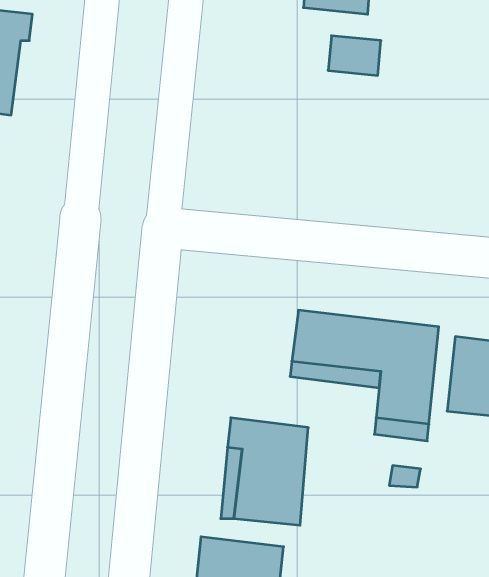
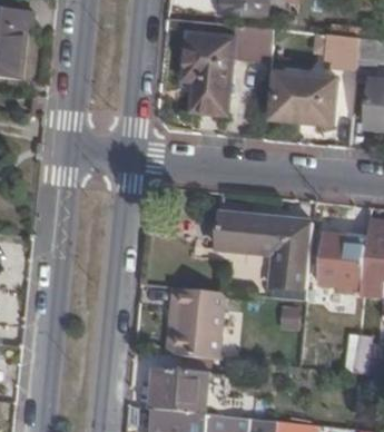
building: none -> [181,32,230,114]
building: none -> [273,73,337,124]

